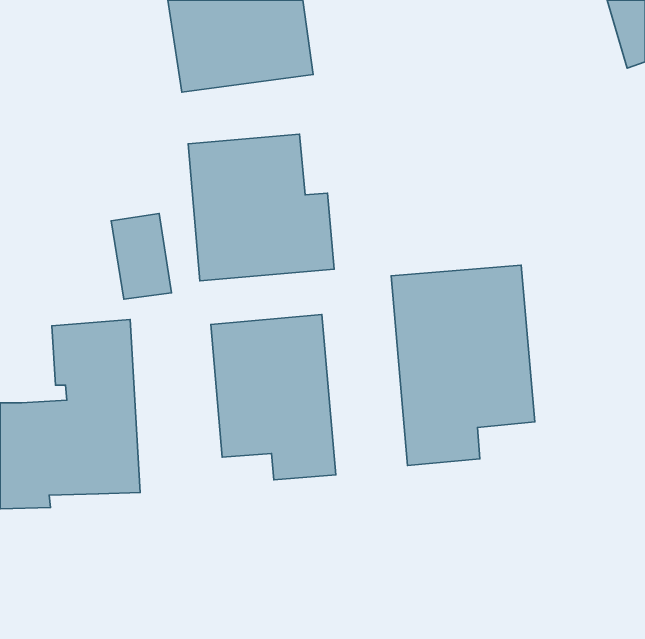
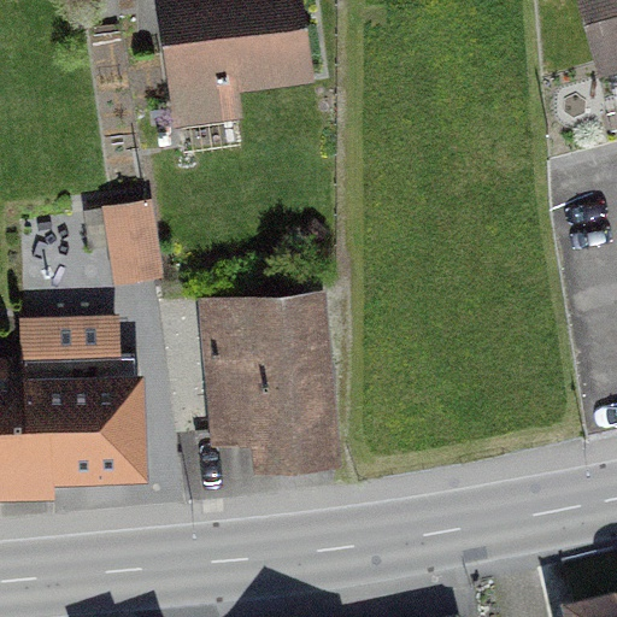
building: [188,134,334,281] -> none
building: [391,265,535,465] -> none

